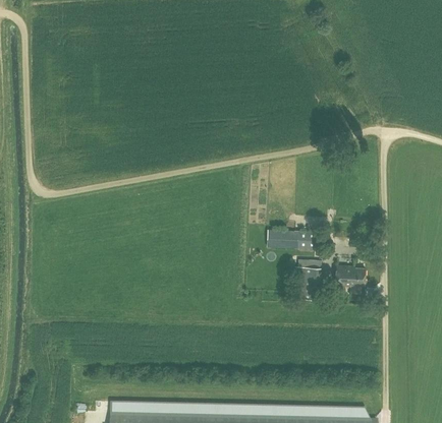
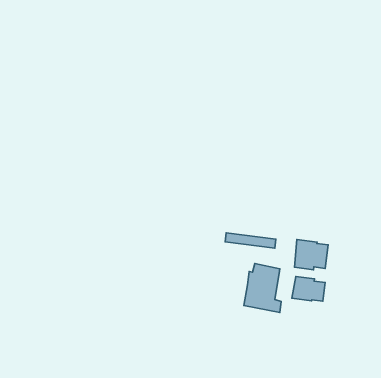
building: none -> [294,240,328,270]

